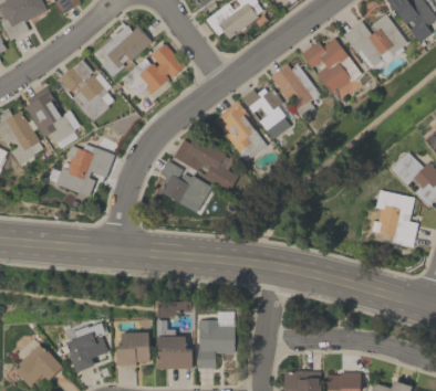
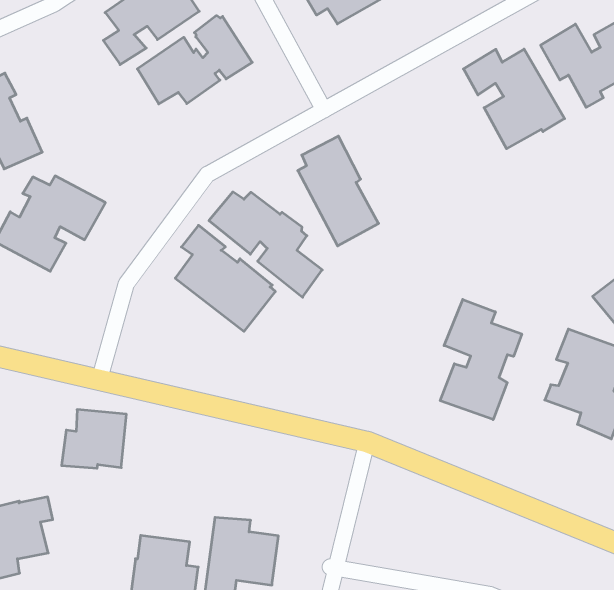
building: [56,60,108,123] -> none
building: [270,64,323,118] -> none
building: [241,88,291,139] -> none
building: none -> [440,299,522,420]
building: [116,332,149,366] -> [62,410,126,468]

